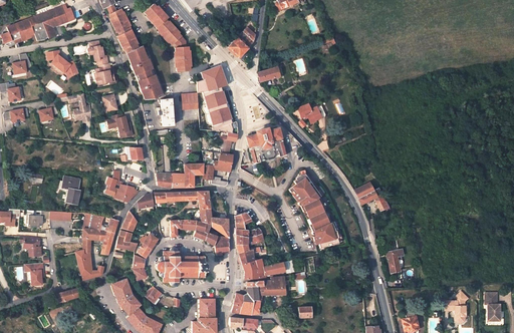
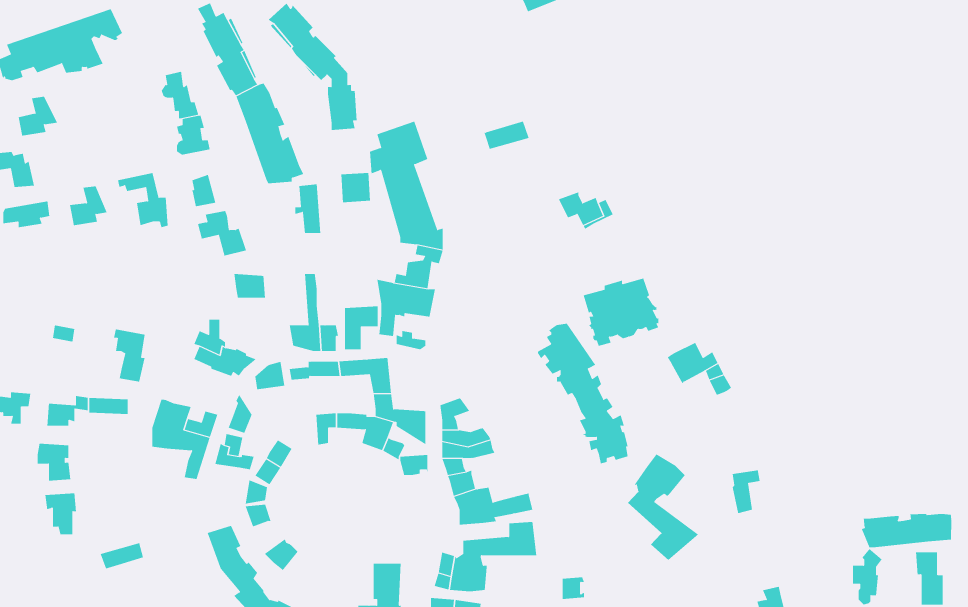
building: [228,27,256,58] -> none
building: [48,53,80,78] -> none
building: [246,127,286,163] -> [583,278,659,347]
building: none -> [627,453,699,561]
building: [156,247,206,286] -> none
building: [76,250,104,280] -> none
building: none -> [861,513,952,548]

